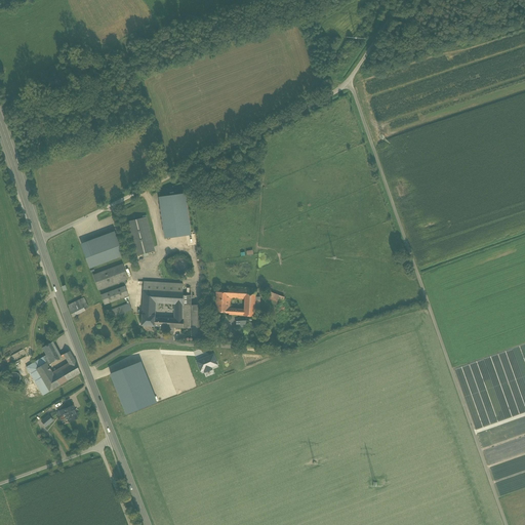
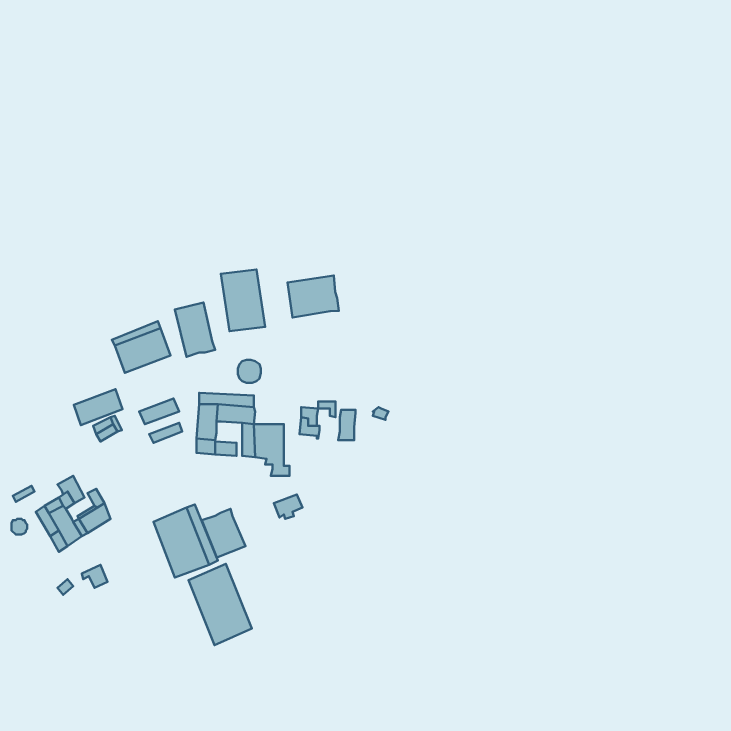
building: none -> [288,276,339,318]
building: [92,264,127,289] -> [74,389,123,425]
building: none -> [202,509,246,558]
building: none -> [189,564,252,645]

